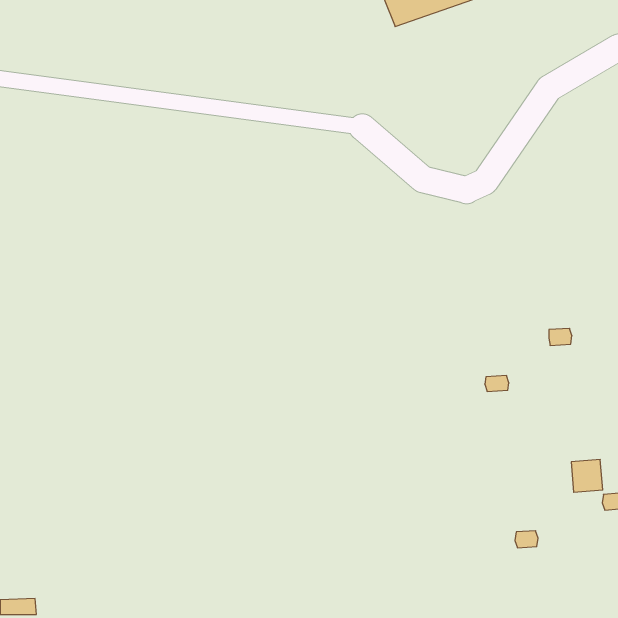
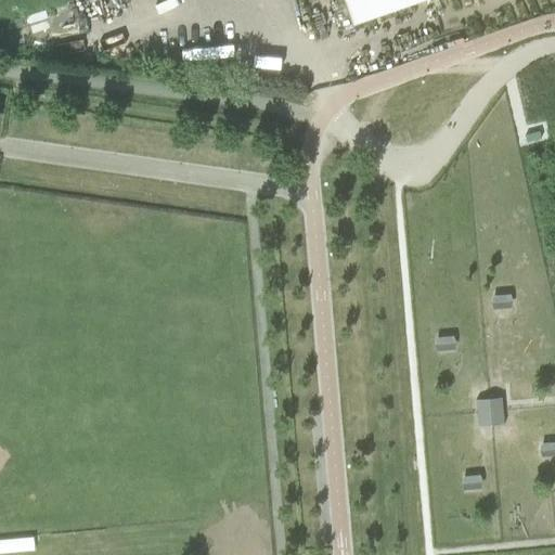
building: [571,460,603,492] -> [476,397,504,426]

